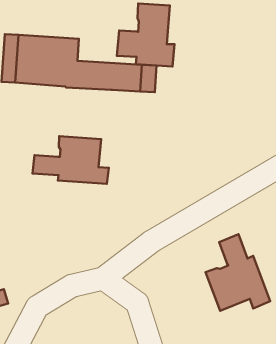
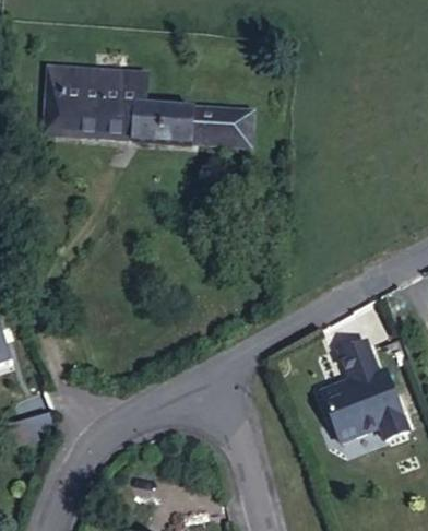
building: [117,3,174,67] -> none
building: [32,136,109,184] -> none

